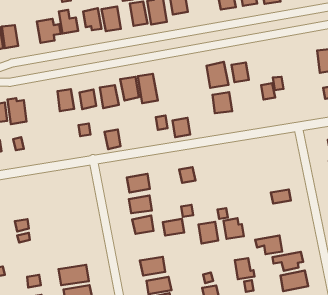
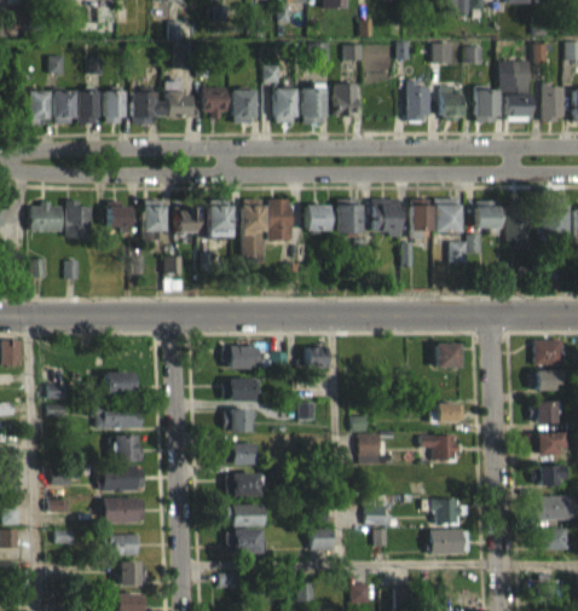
building: none -> [104,91,123,122]
building: none -> [475,200,499,229]
building: none -> [505,206,530,248]
building: none -> [433,197,461,232]
building: [212,92,232,113] -> [335,204,362,234]
building: none -> [108,201,131,227]
building: [172,118,190,137] -> [305,206,328,231]
building: [104,130,121,149] -> [242,234,262,260]
building: none -> [435,344,463,368]
building: none -> [105,371,138,394]
building: [163,219,184,236] -> [225,444,254,465]
building: [198,222,218,243] -> none
building: none -> [96,405,141,428]
building: [255,236,282,254] -> [421,436,458,460]
building: none -> [111,436,143,461]

